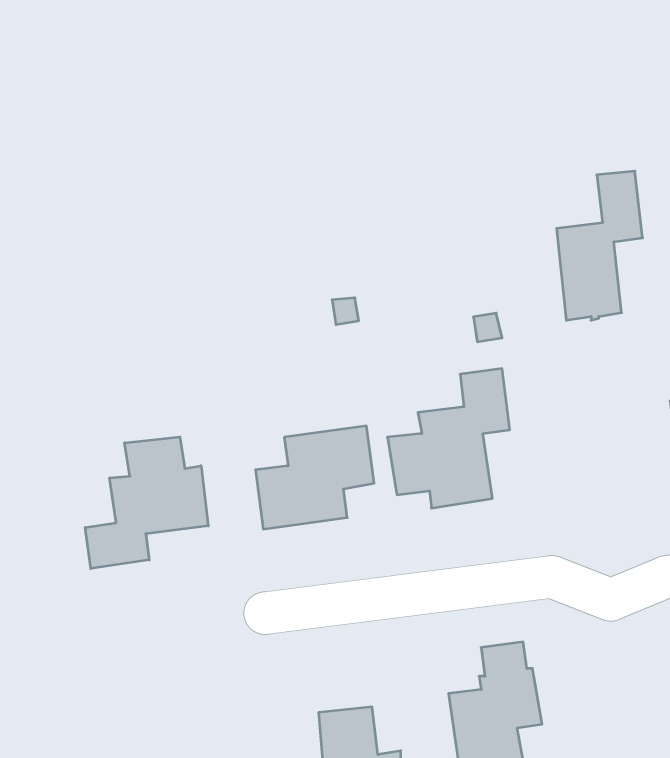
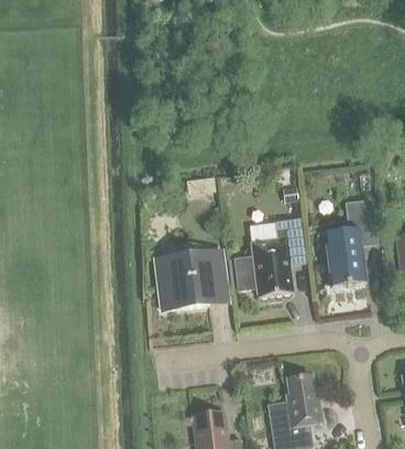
building: [557,171,643,320] -> [327,199,376,285]
building: [85,437,208,569] -> none

